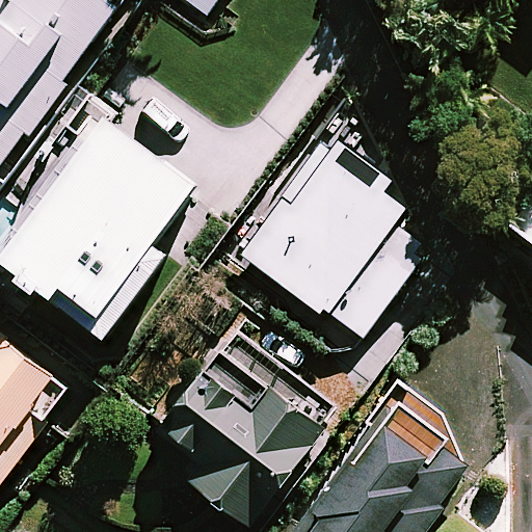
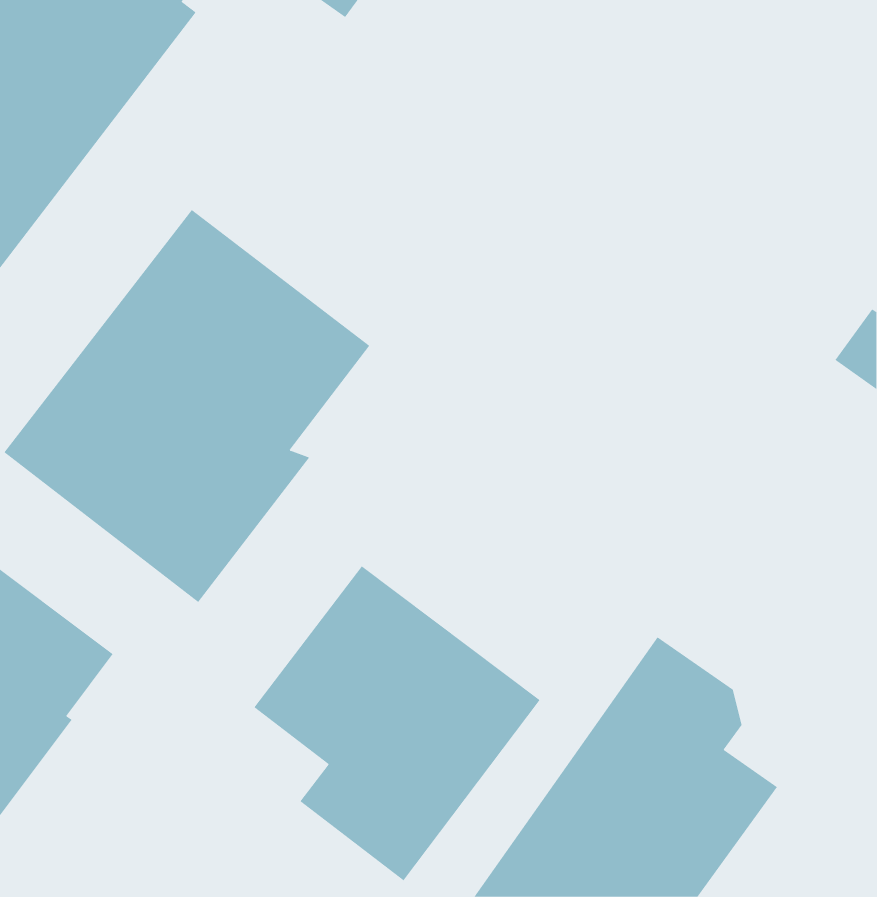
building: [245,133,423,337] -> none

